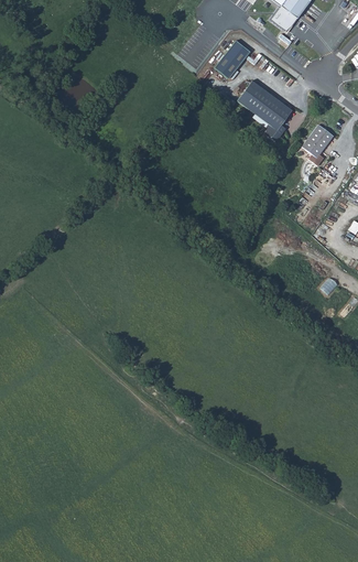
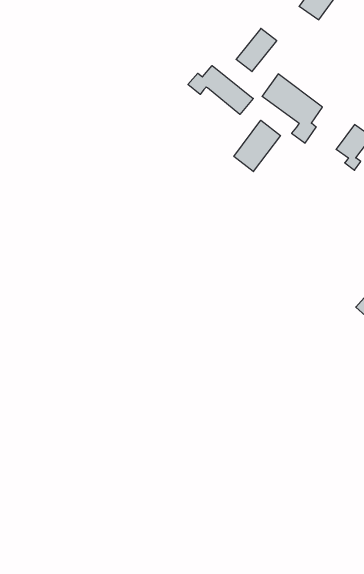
building: none -> [188,66,253,114]
building: none -> [234,120,280,172]

